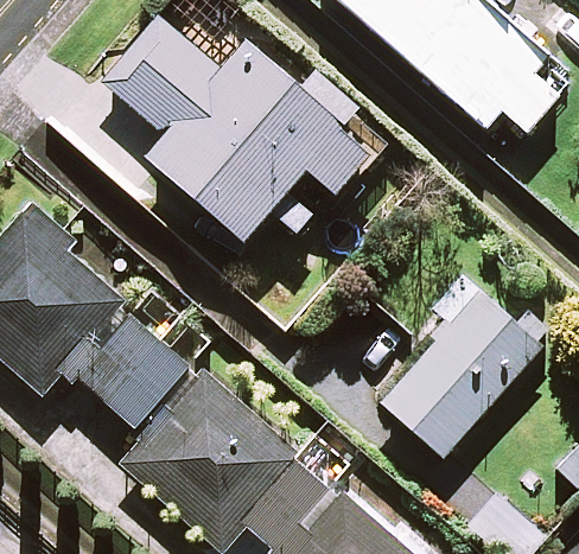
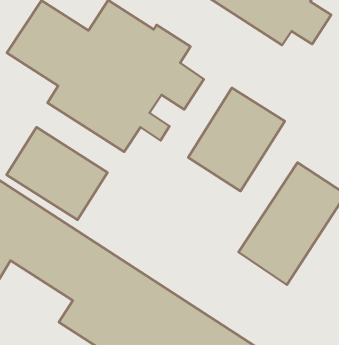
building: none -> [188,88,285,191]
building: none -> [6,127,108,220]

